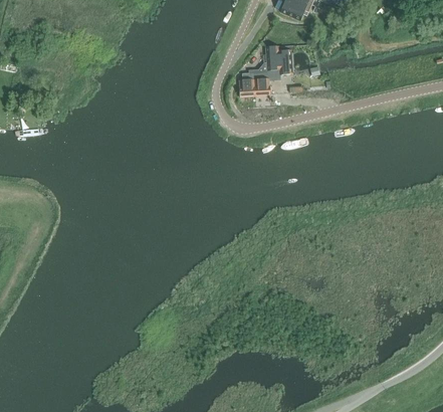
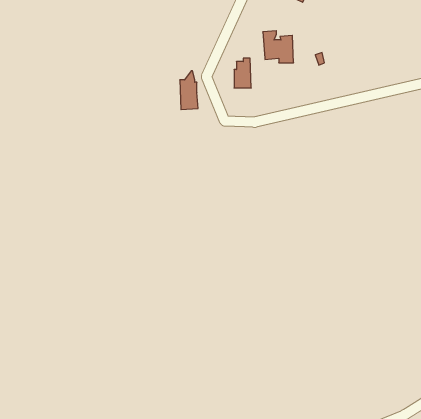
building: [253,62,269,96] -> [180,71,198,110]

